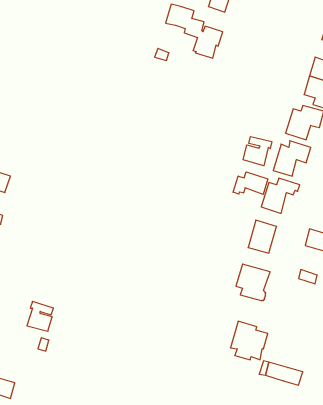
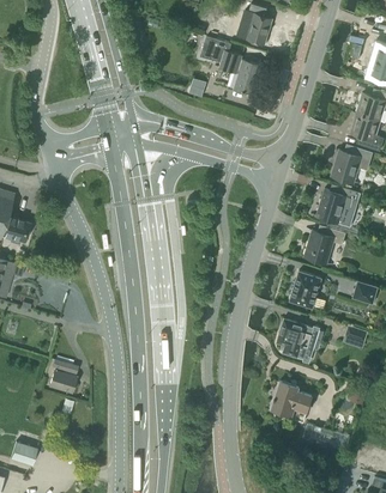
building: [243,137,272,166] -> none
building: [233,172,268,194] -> none

